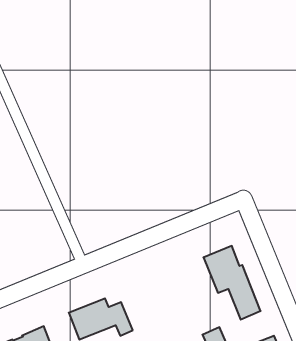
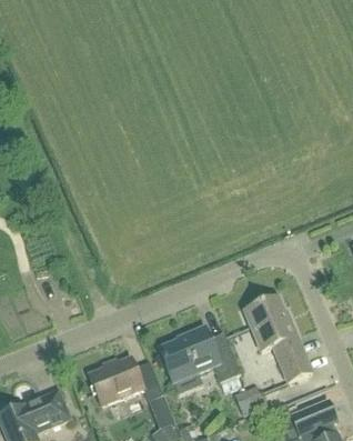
building: none -> [158,324,240,381]

